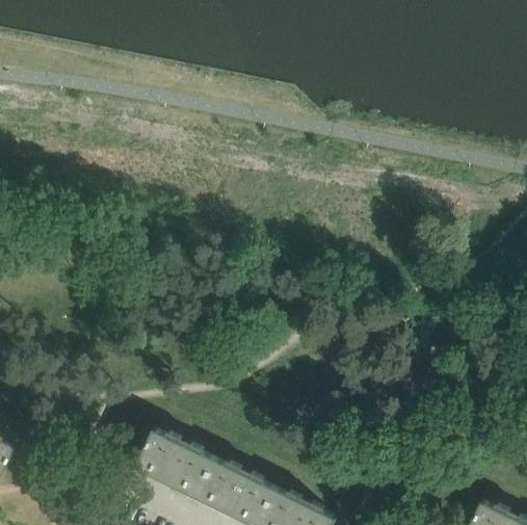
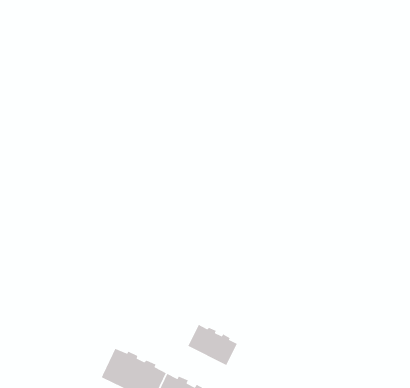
building: none -> [186,324,238,368]

